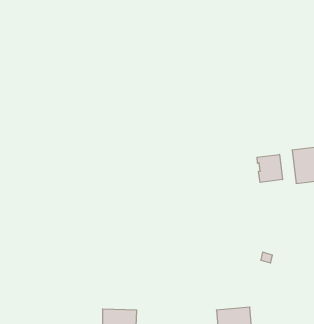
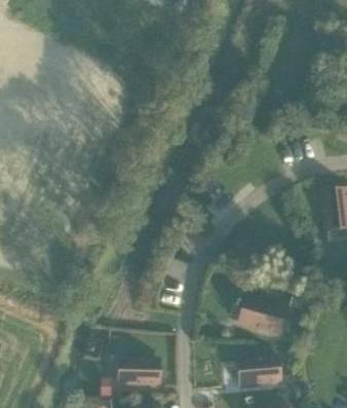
building: [257,154,282,182] -> none
building: none -> [235,301,280,336]

